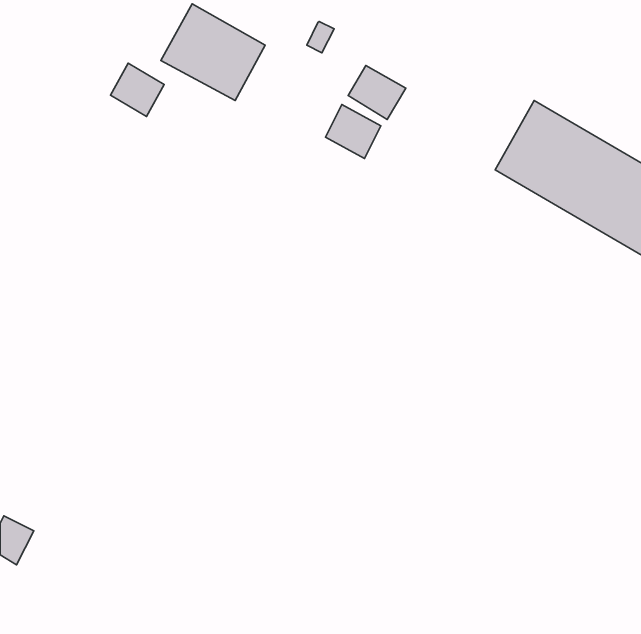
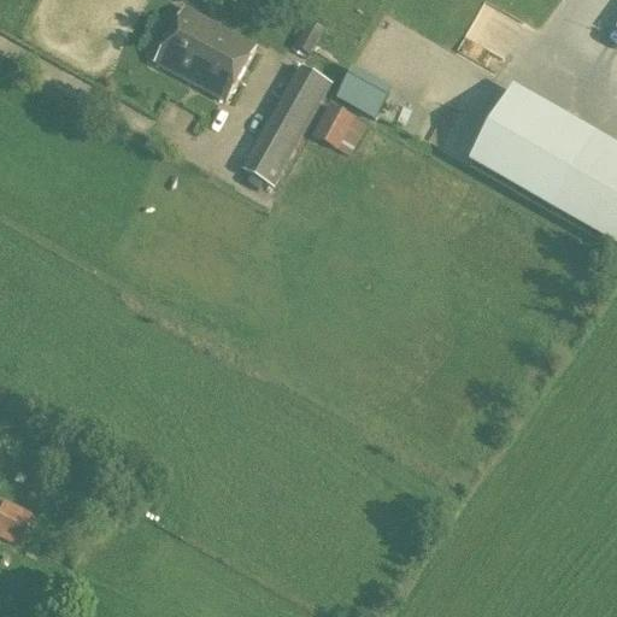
building: [111,63,164,117] -> none
building: none -> [243,61,333,182]

